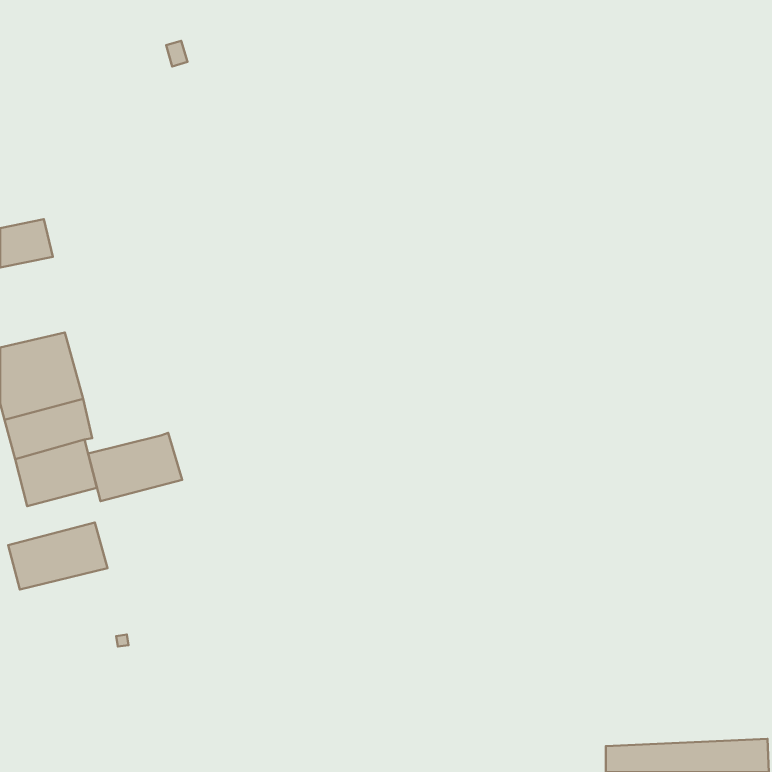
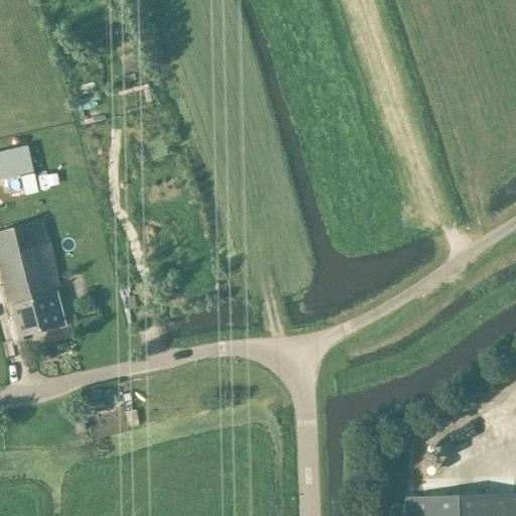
building: [88,433,182,501] -> none
building: [8,522,107,589] -> none

